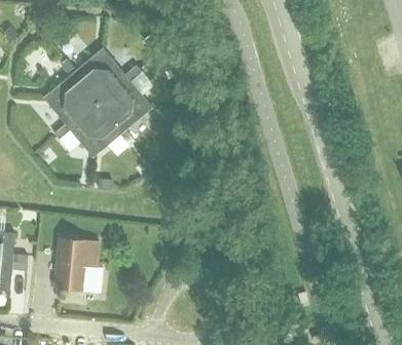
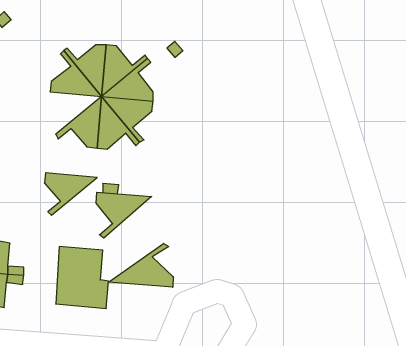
building: [49,98,97,136] -> [44,173,97,215]
building: none -> [96,192,152,238]
building: none -> [108,243,173,287]

